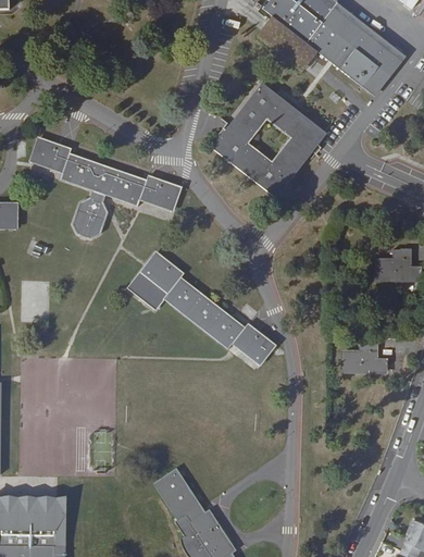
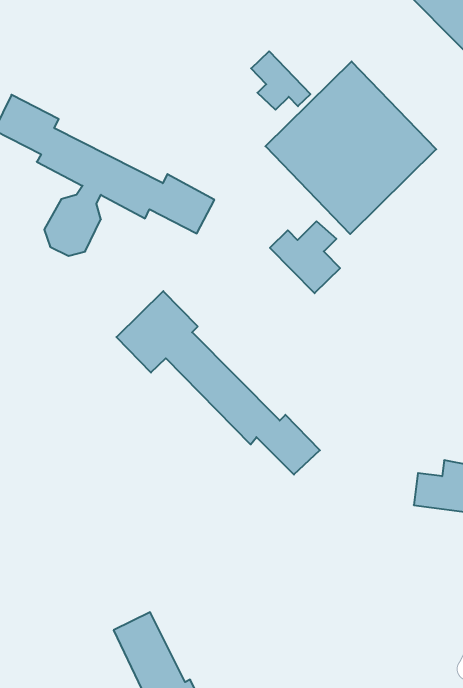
building: none -> [251,51,310,110]
building: none -> [270,221,340,293]

